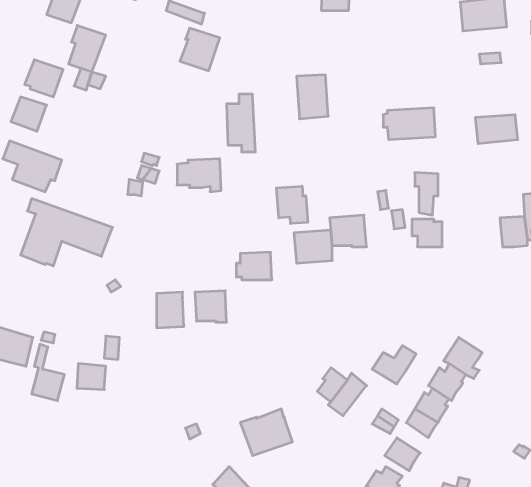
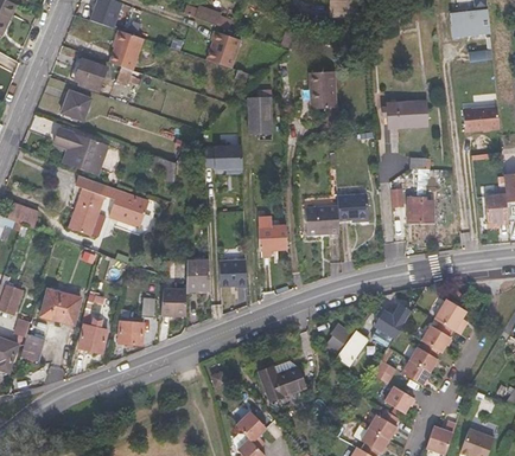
building: [276,186,308,224] -> none
building: none -> [160,291,186,320]

